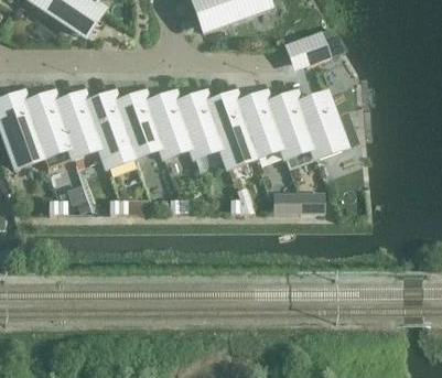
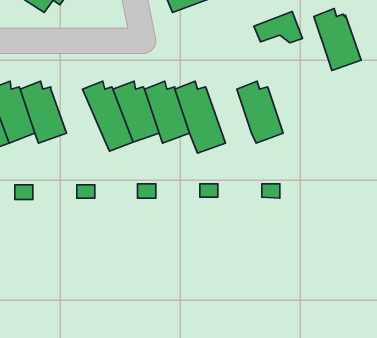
building: [85,96,138,166] -> none
building: [237,96,281,156] -> none
building: [298,96,344,156] -> [314,9,361,70]

